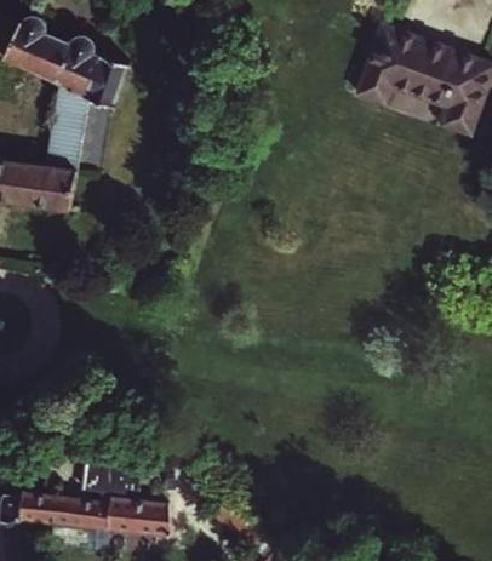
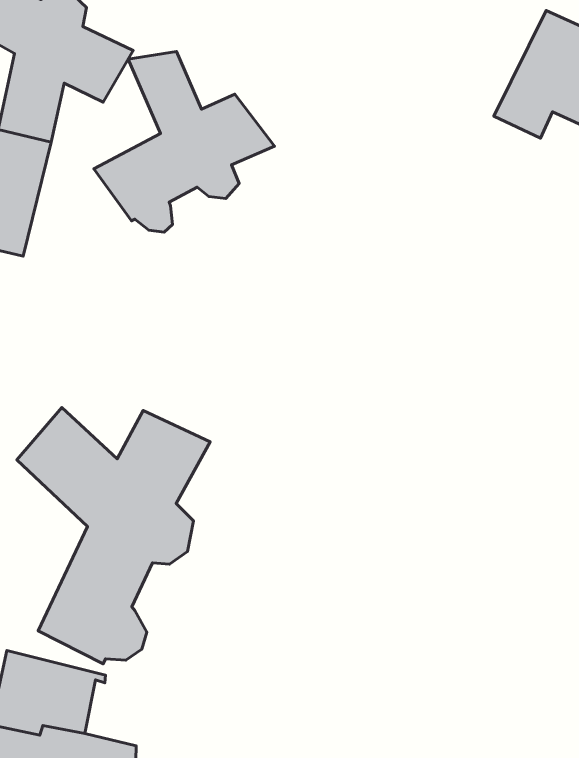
building: none -> [94,52,275,232]
building: none -> [17,408,210,664]

